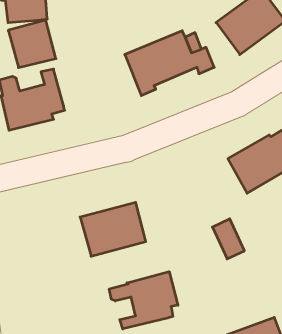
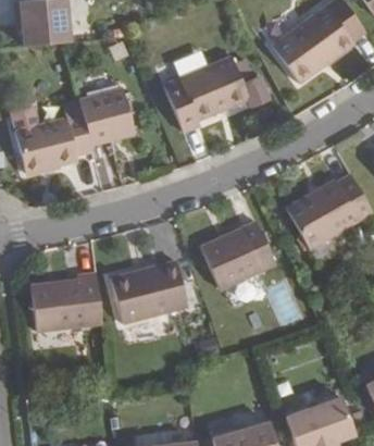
building: [8,20,56,68] -> [78,88,135,145]
building: none -> [200,221,276,290]
building: none -> [30,273,102,332]
building: [109,272,178,329] -> none

